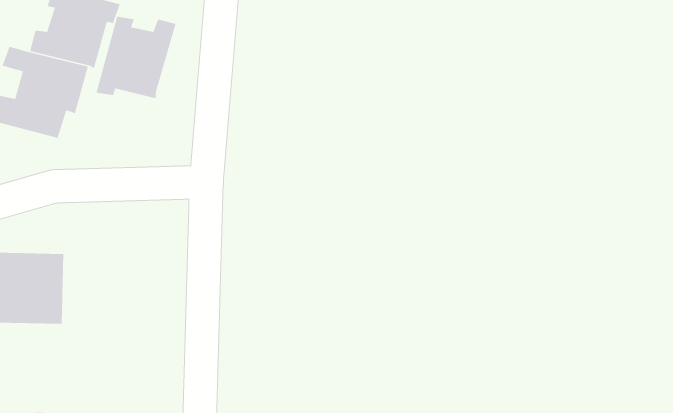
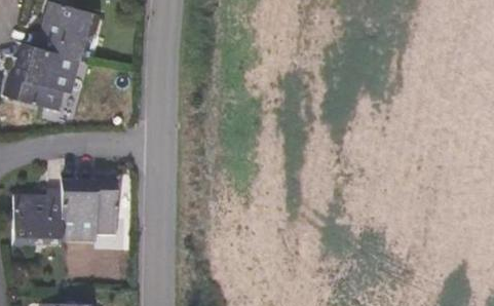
building: [95,16,176,99] -> none
building: none -> [62,182,116,242]

